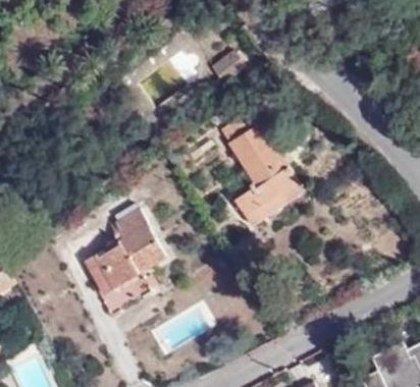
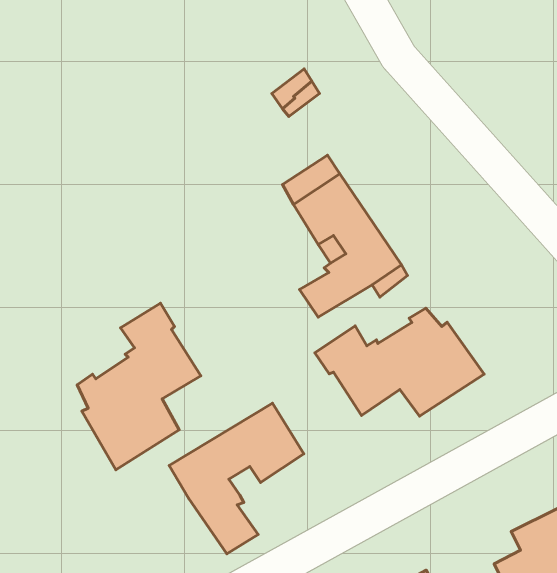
building: none -> [315,308,484,416]
building: none -> [169,403,304,554]

